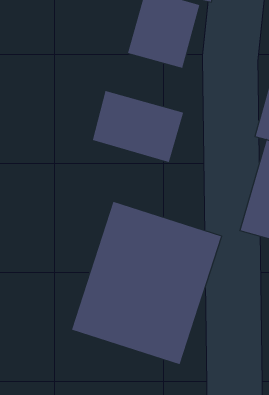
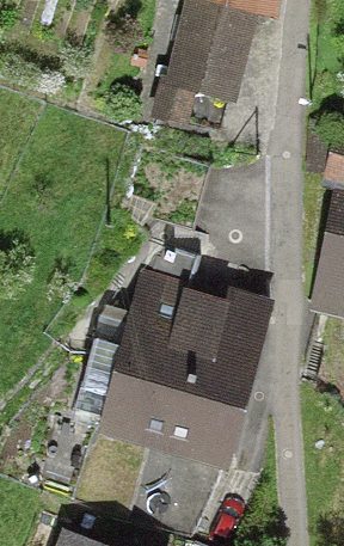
building: [92,90,184,163] -> none

